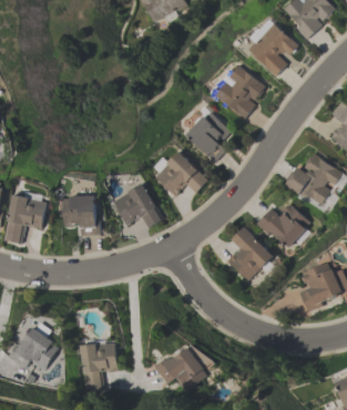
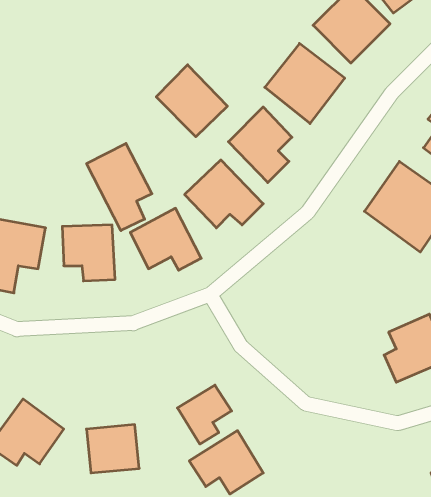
building: none -> [156,65,227,137]
building: none -> [87,143,152,231]
building: [256,203,313,252] -> none
building: [226,226,275,283] -> none
building: none -> [177,385,232,444]

